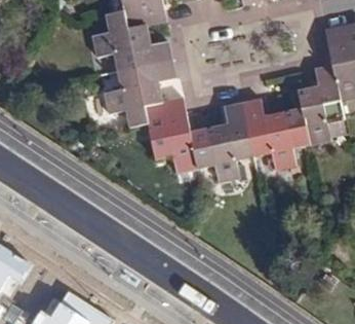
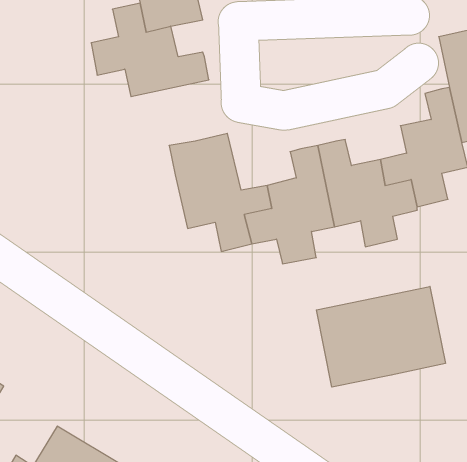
building: [101,59,172,127] -> none
building: none -> [316,286,445,387]

